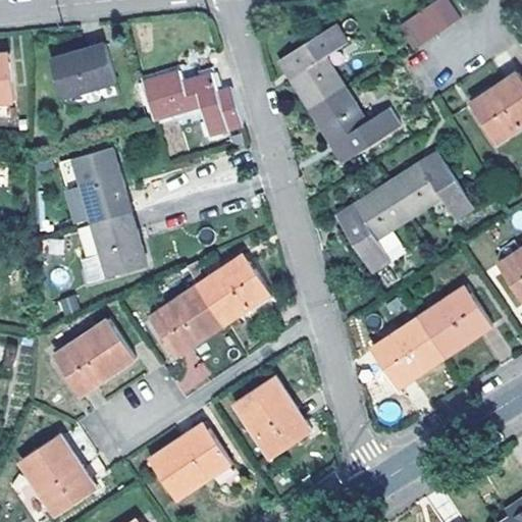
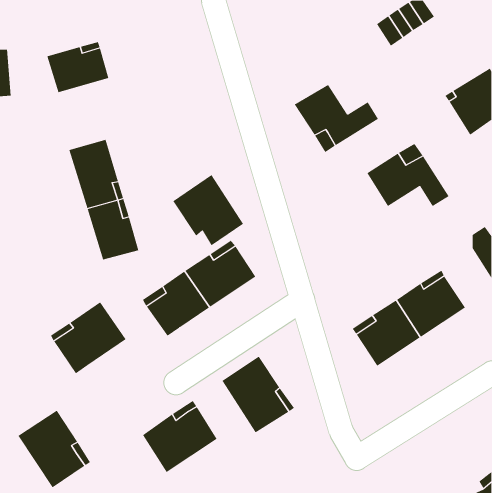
building: [277,23,348,111] -> none
building: [142,72,241,135] -> none
building: [336,184,409,271] -> none
building: none -> [172,174,244,246]

